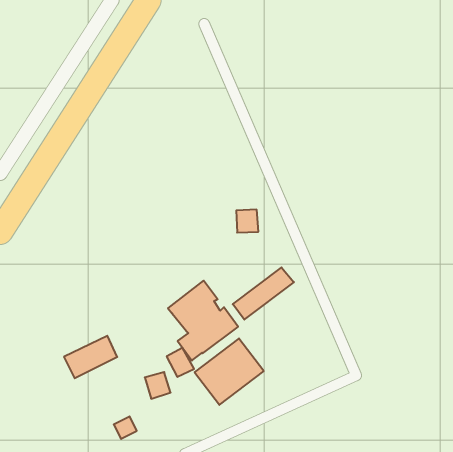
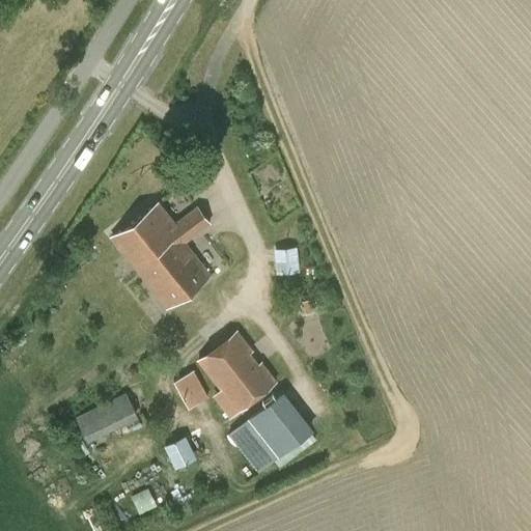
building: none -> [112,203,212,309]
building: [233,267,294,320] -> none
building: [167,348,194,377] -> [178,369,211,403]

